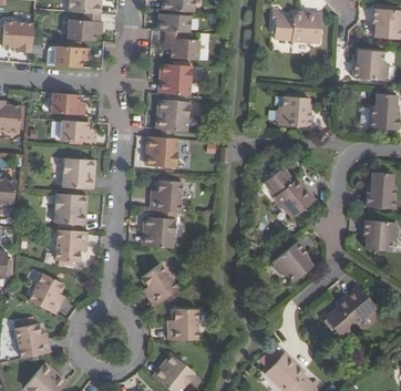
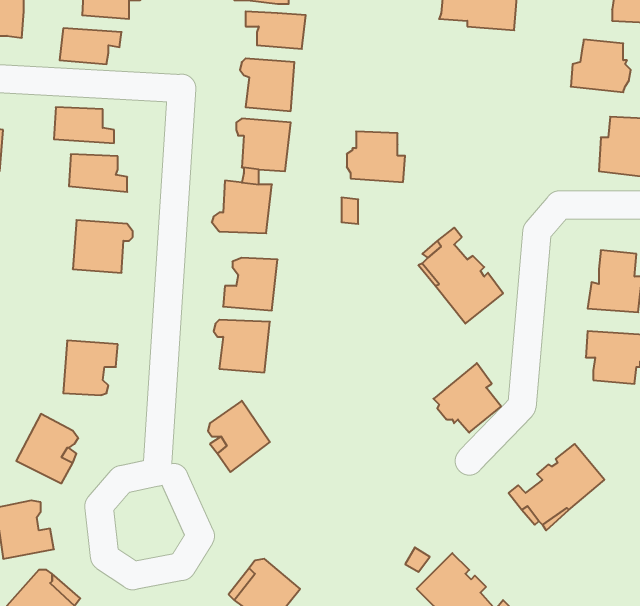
building: [277,99,311,128] -> [347,131,405,182]
building: [49,193,84,225] -> none
building: [164,311,194,341] -> none

